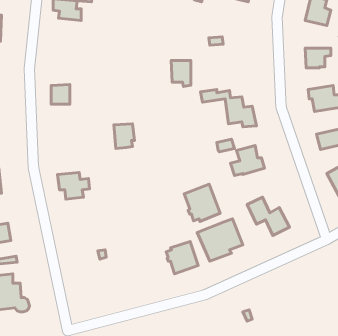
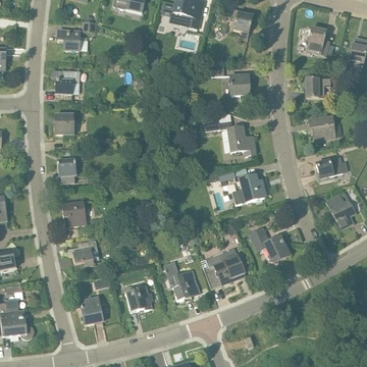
building: none -> [55,70,80,94]
building: [171,60,191,86] -> [228,74,248,100]
building: [114,124,135,149] -> [56,159,76,183]
building: [184,184,220,222] -> none
building: none -> [67,241,99,267]
building: none -> [124,284,152,312]
building: none -> [80,298,102,325]

